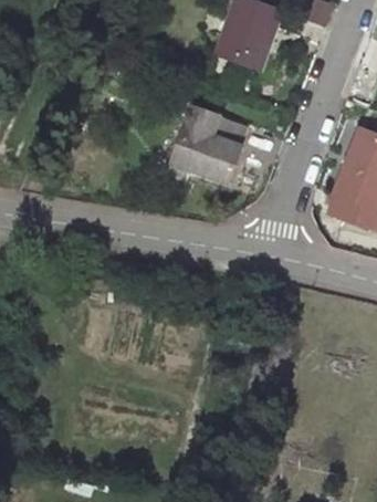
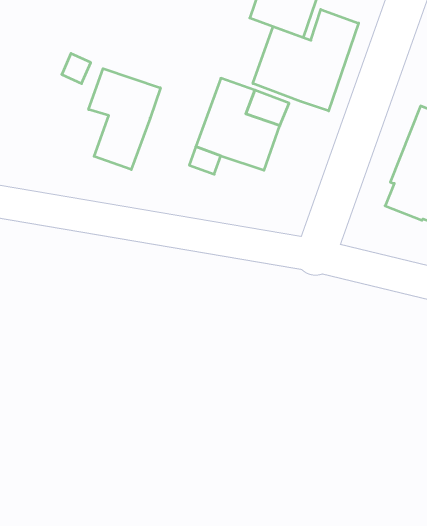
building: none -> [253,9,359,111]
building: none -> [89,69,160,170]

